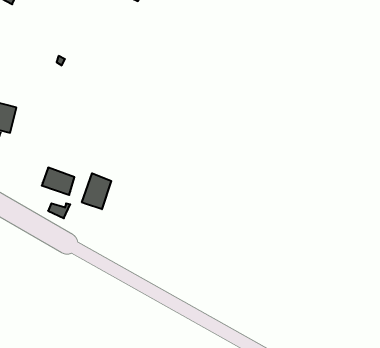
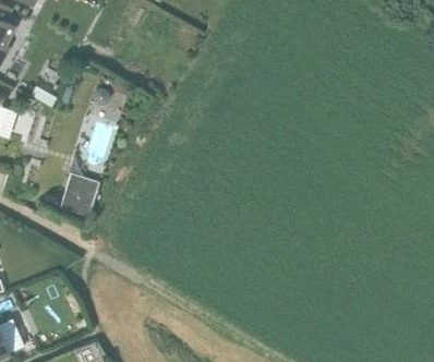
building: [82,173,111,209] -> none

